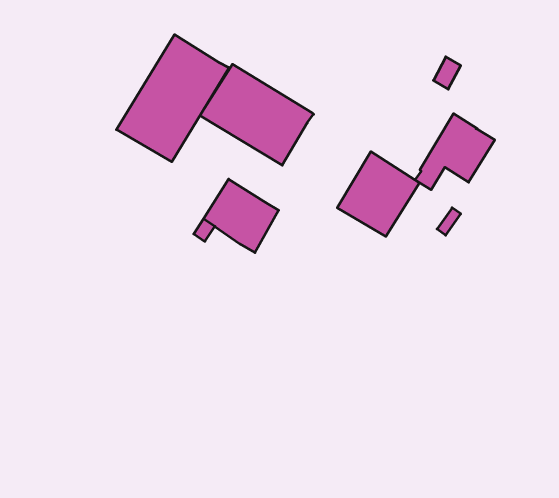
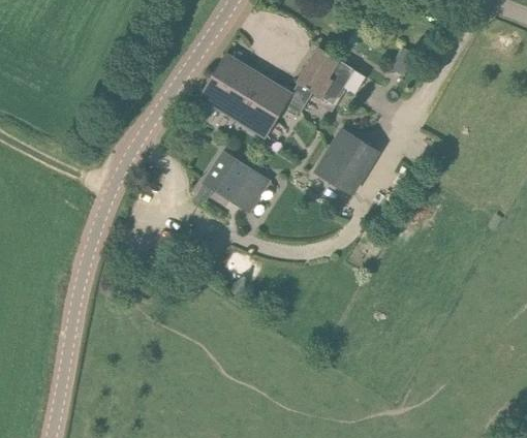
building: [116,35,229,162] -> none
building: [415,114,495,190] -> [288,48,354,111]

